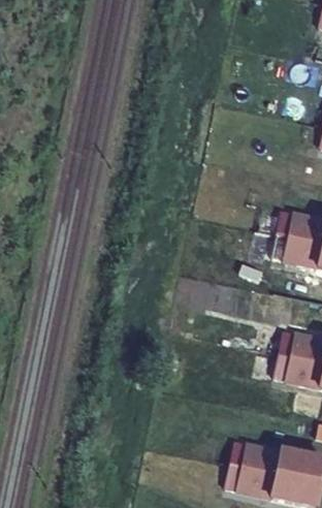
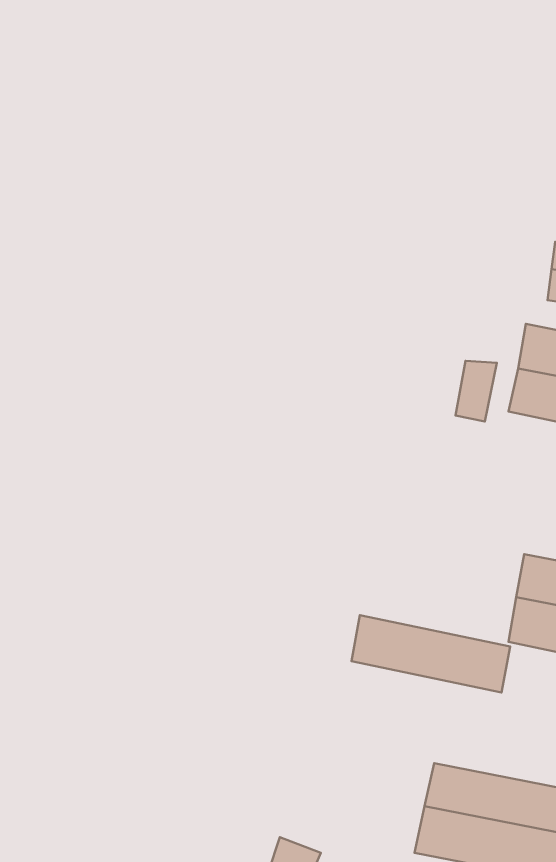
building: none -> [351,615,510,692]

